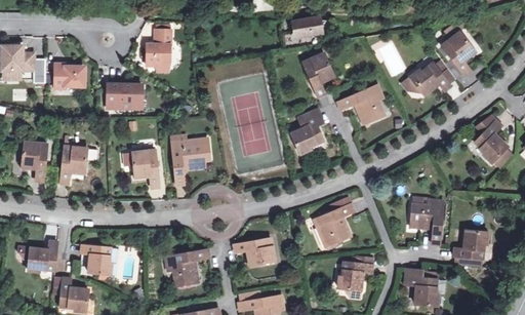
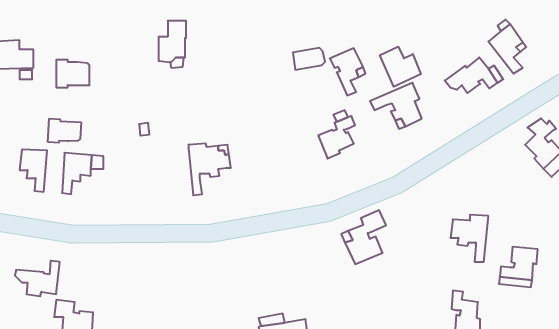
building: [293,15,322,35] -> [293,48,325,70]
building: none -> [380,47,421,87]
building: [108,82,143,106] -> none
building: none -> [48,119,81,143]
building: [133,148,162,185] -> none
building: [229,237,270,264] -> none
building: [82,244,112,273] -> none
building: [161,248,204,286] -> none
building: [332,257,365,299] -> none

